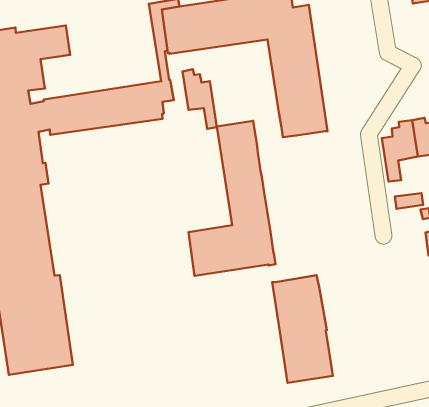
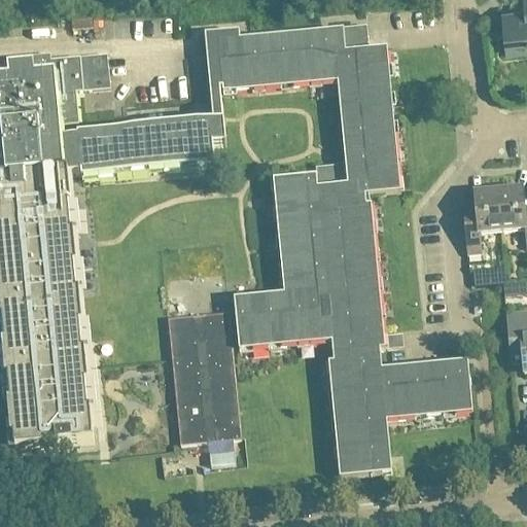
building: [182,69,217,129] -> none
building: none -> [315,163,385,357]
building: none -> [167,312,237,449]
building: none -> [381,356,472,417]

